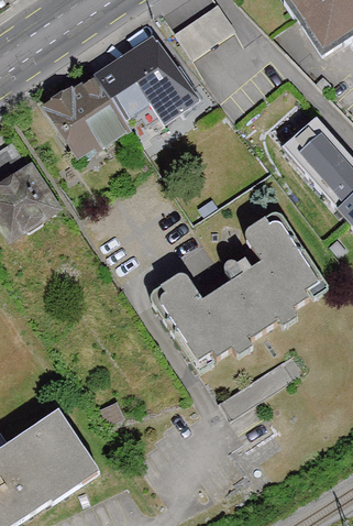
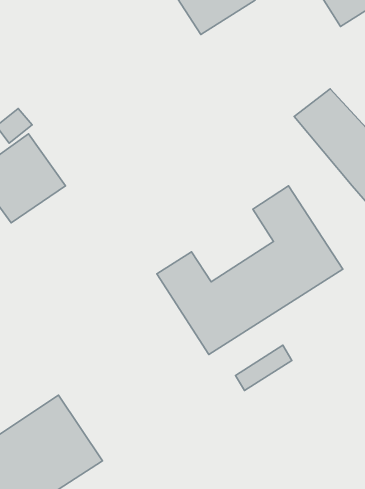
building: [47,37,195,144] -> none

